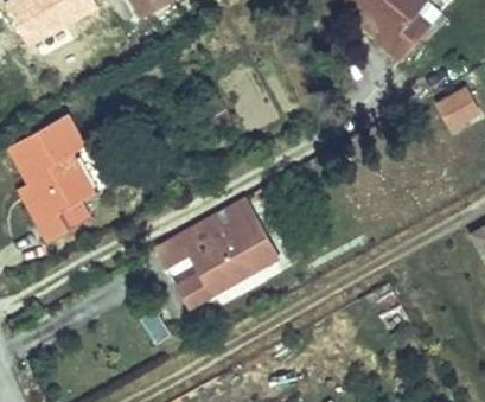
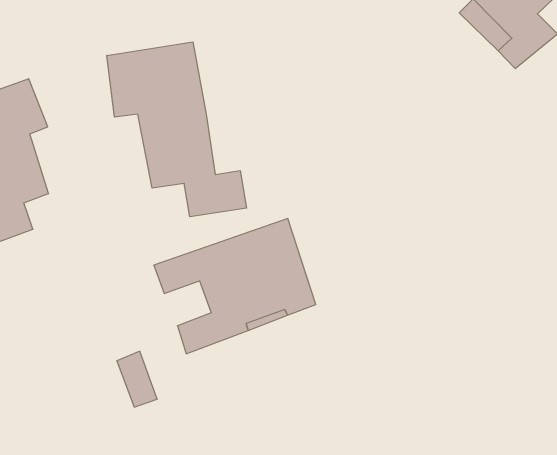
building: none -> [107,42,247,217]

